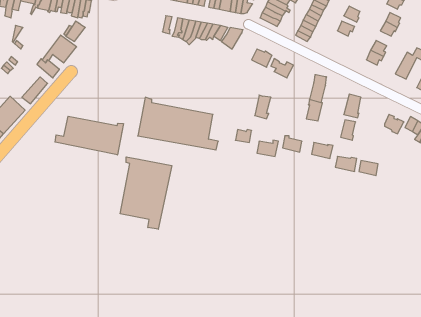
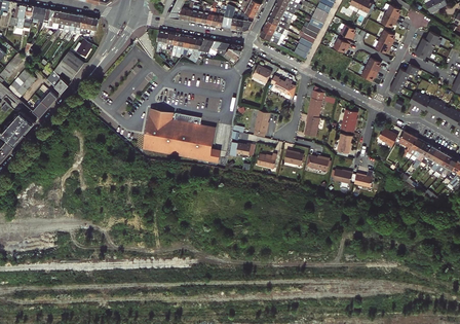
building: [55,116,123,155] -> none
building: [120,157,172,229] -> none

